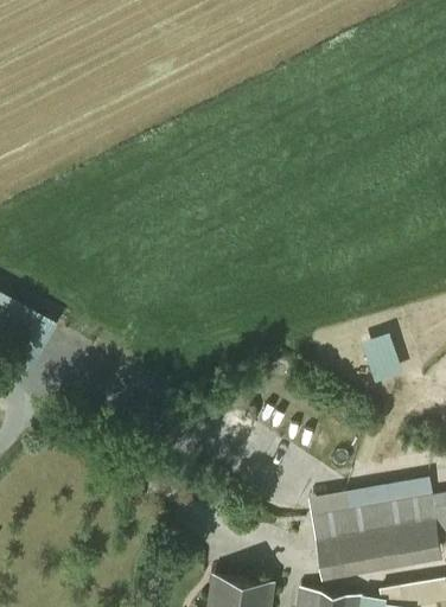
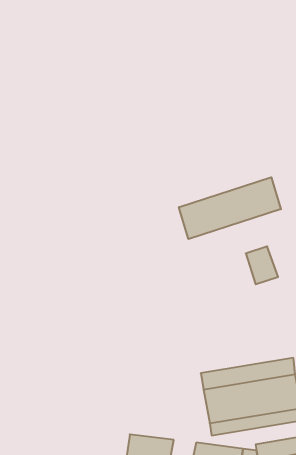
building: none -> [179,177,281,239]

